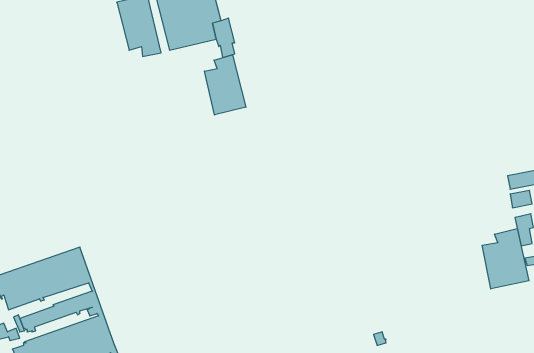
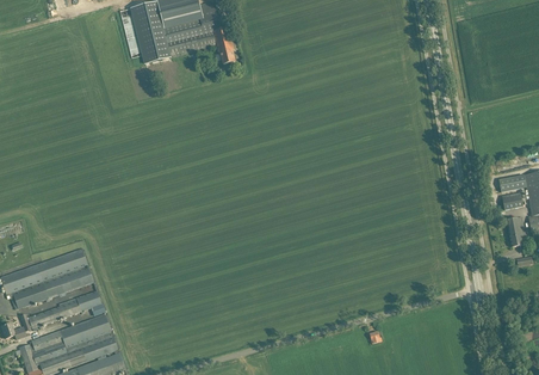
building: [204,55,246,115] -> none
building: [482,229,529,289] -> none

